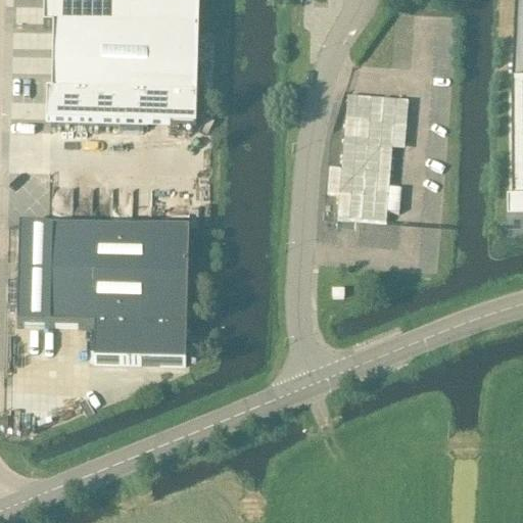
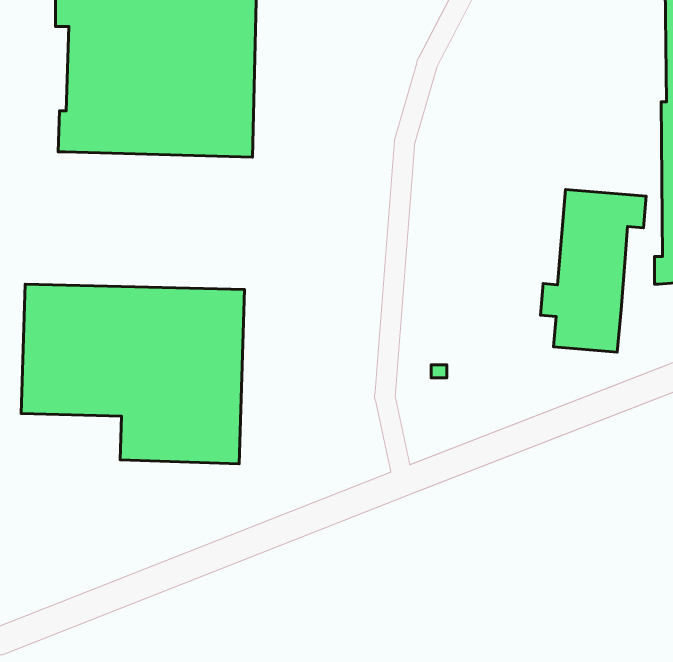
building: [329,89,411,215] -> [540,190,646,352]

